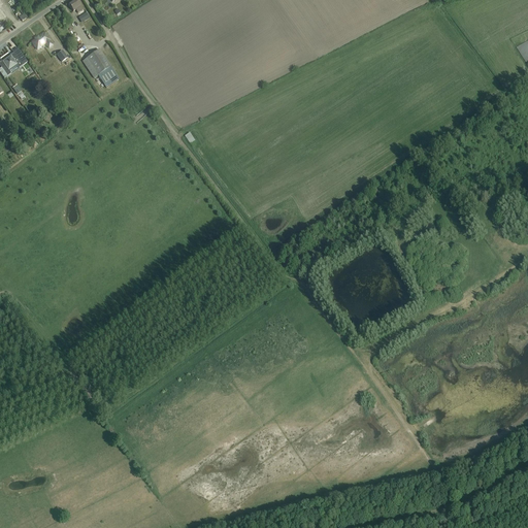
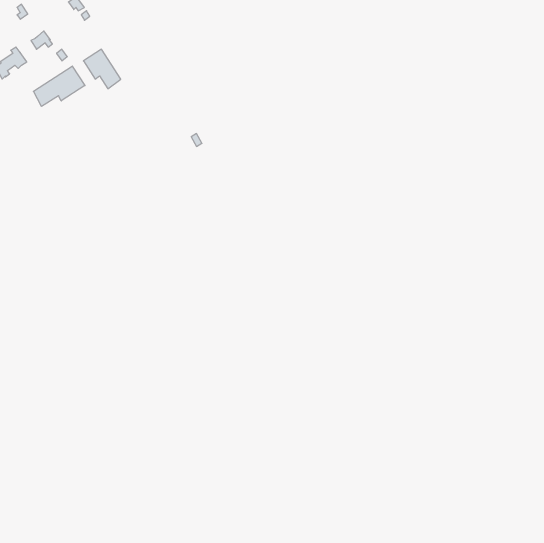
building: none -> [33,66,85,106]

